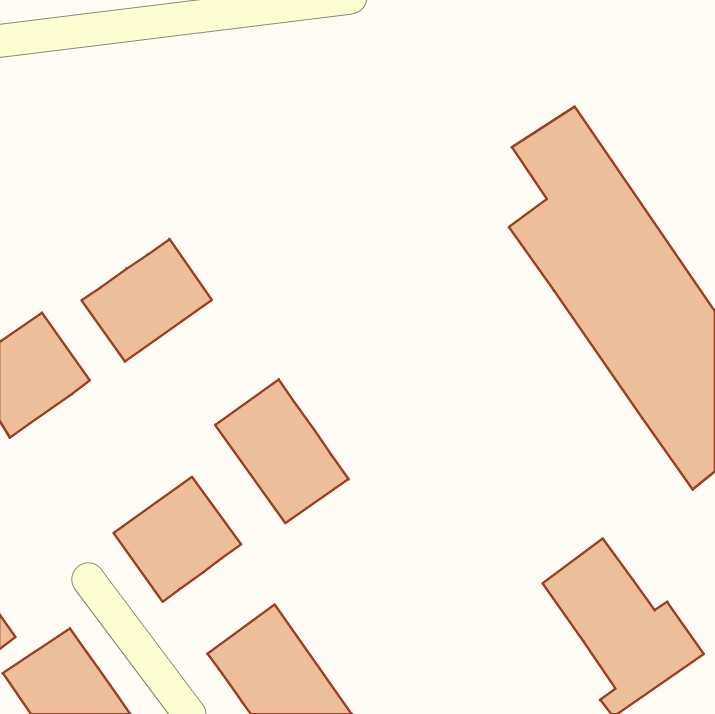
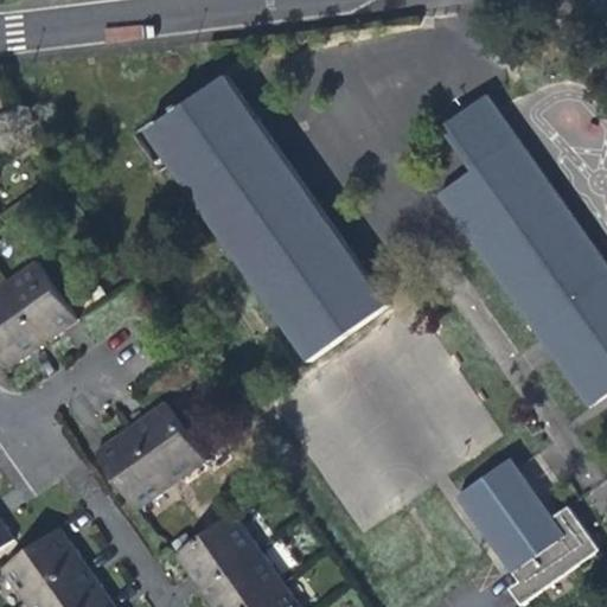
building: none -> [147,76,388,363]
building: [82,239,212,362] -> none
building: [215,379,349,523] -> none

